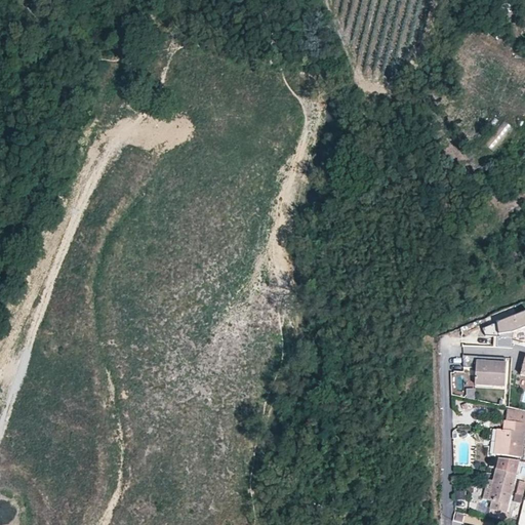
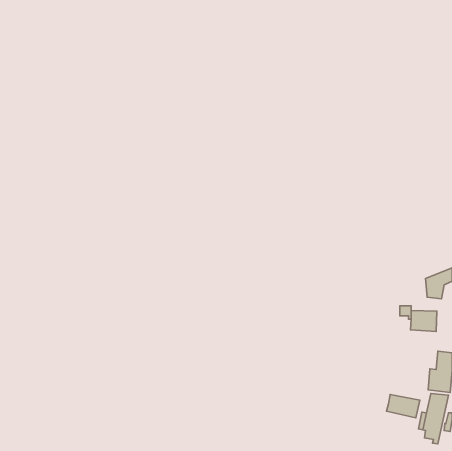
building: none -> [387,394,420,418]

